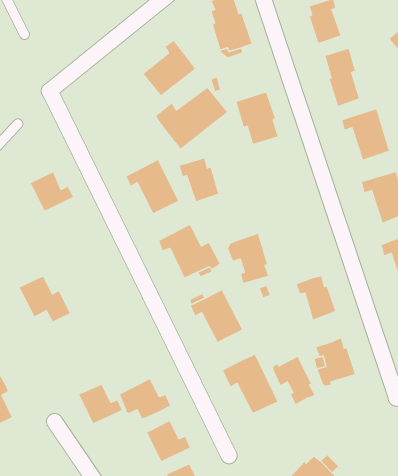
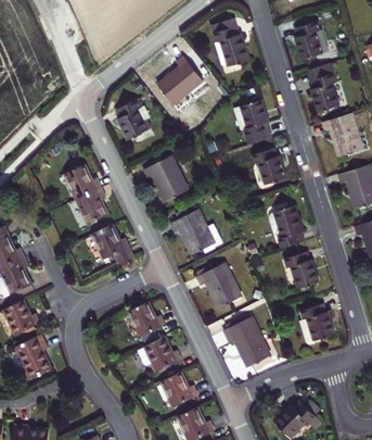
building: [155,87,228,150] -> none
building: none -> [116,99,149,139]
building: [179,157,219,202] -> [252,148,285,185]
building: none -> [76,187,107,224]
building: [227,233,269,284] -> [268,205,303,248]
building: [19,275,71,323] -> [91,225,134,264]
building: [273,356,316,405] -> none
building: [78,384,123,424] -> [128,302,165,336]

